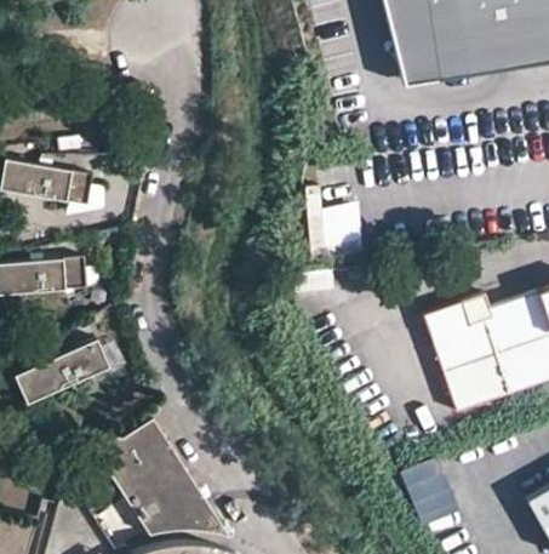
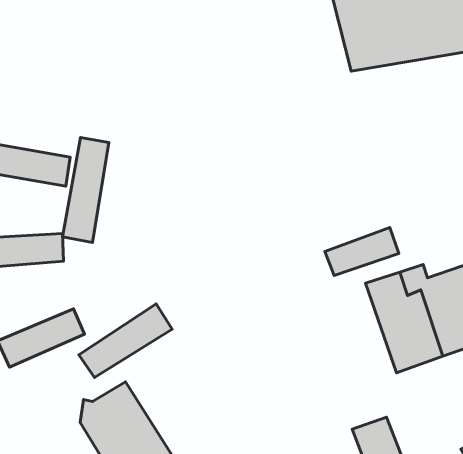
building: none -> [63,137,109,243]
building: none -> [325,227,399,275]
building: none -> [79,304,172,378]

